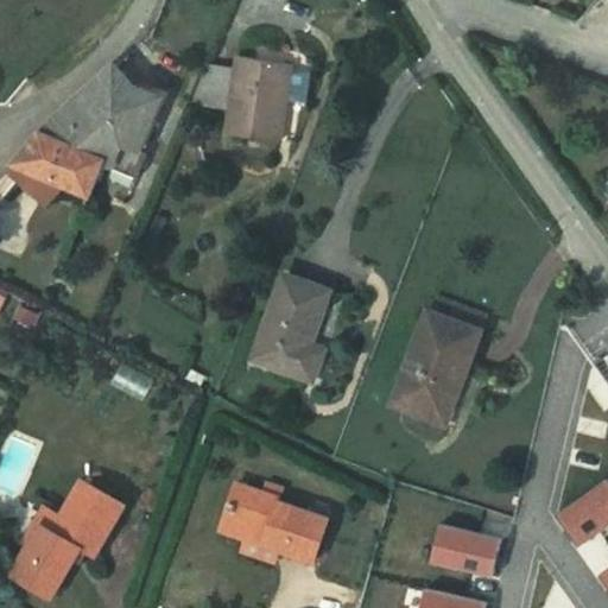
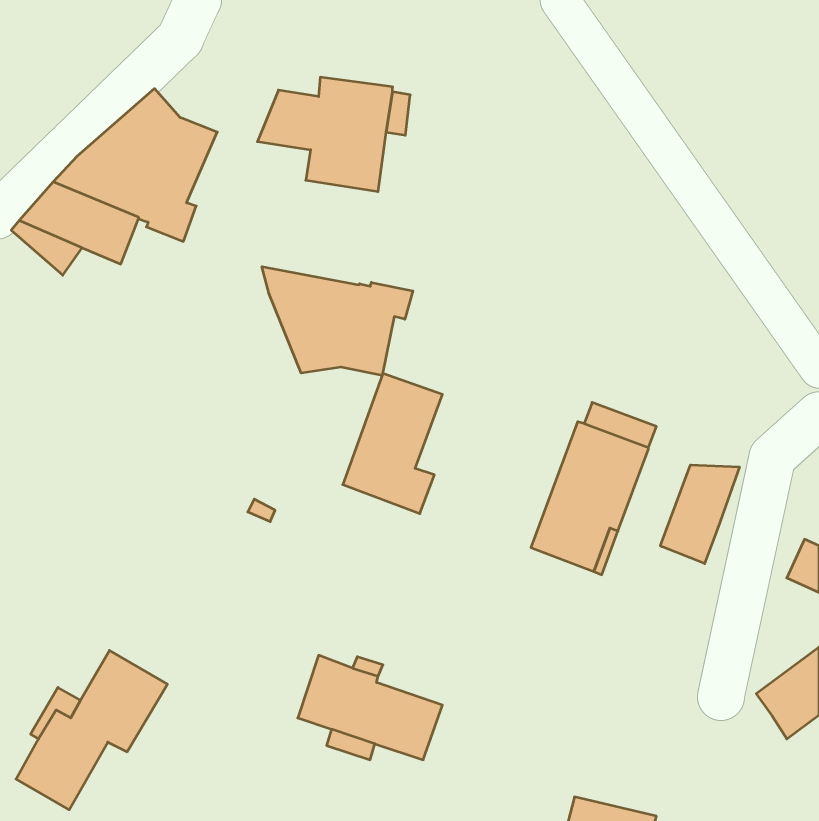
building: none -> [262,267,413,375]
building: none -> [660,465,739,564]
building: [430,525,500,578] -> none

